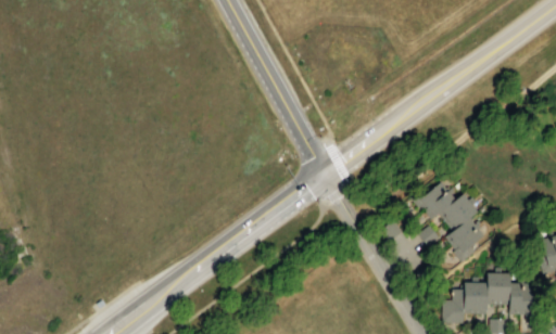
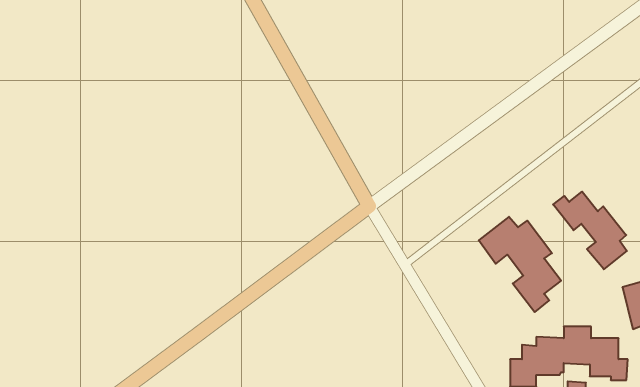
building: none -> [553,192,627,269]

